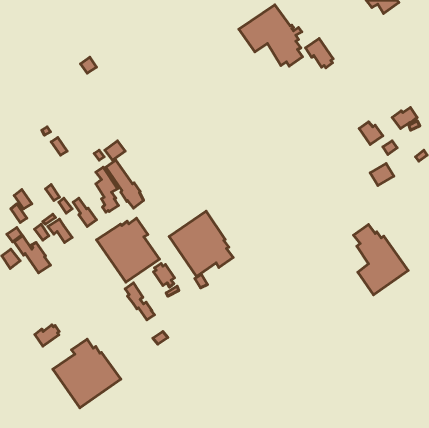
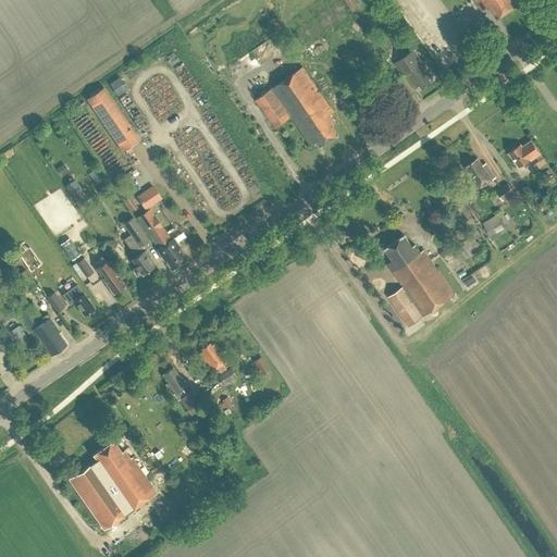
building: [239,5,303,66] -> [256,67,338,147]
building: none -> [87,89,139,152]
building: [169,211,233,276] -> none
building: [97,218,159,282] -> none
building: [353,224,408,295] -> [384,235,455,326]
building: [35,325,59,346] -> none

